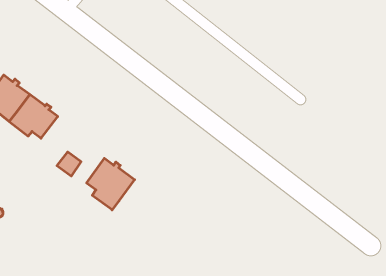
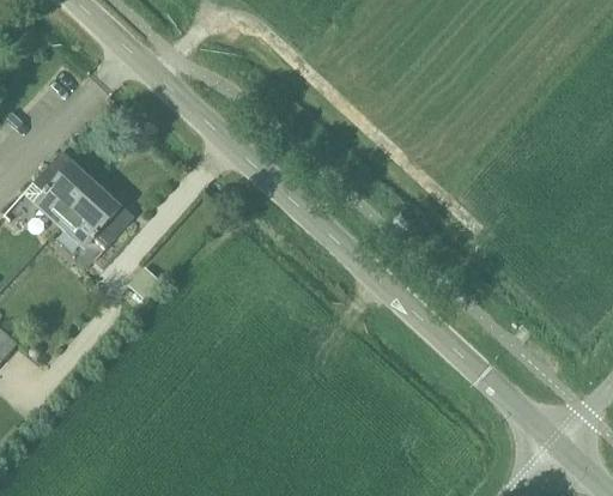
building: [87,158,135,210] -> none

